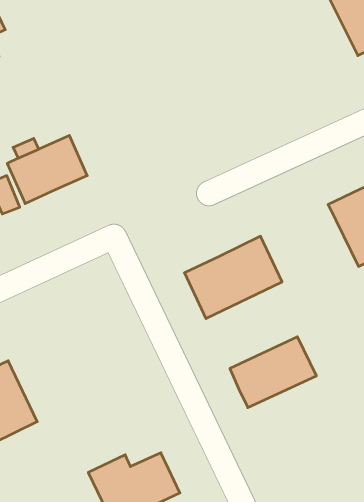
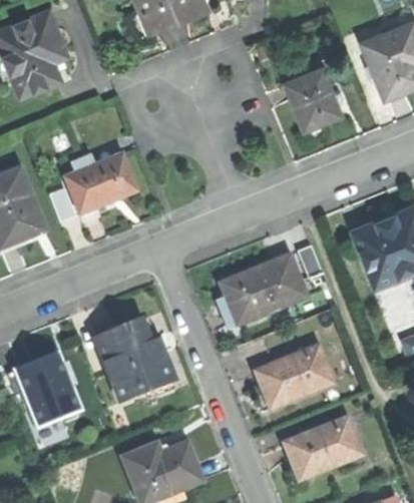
building: none -> [283,65,342,129]
building: none -> [93,318,175,402]
building: none -> [284,417,360,477]

